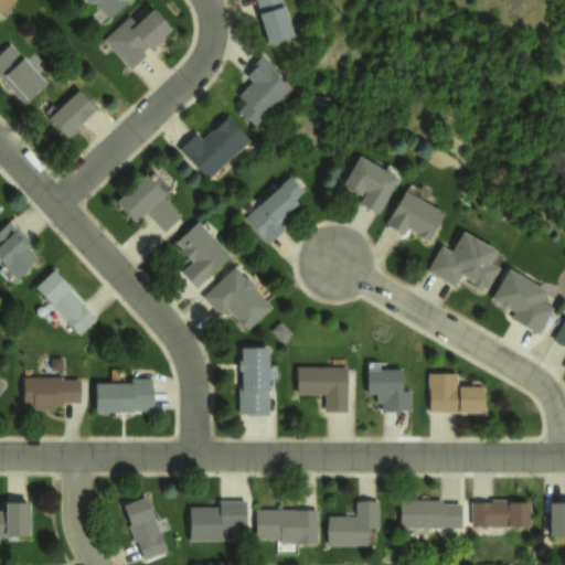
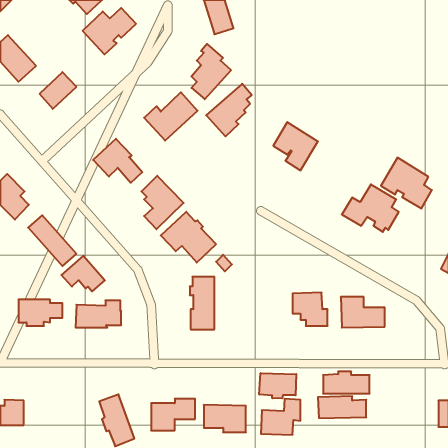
building: [245,178,302,244] -> [206,84,252,136]
building: [386,191,446,242] -> none
building: [488,267,552,331] -> [381,158,432,209]
building: none -> [61,256,105,291]
building: [297,367,348,412] -> none
building: none -> [259,373,296,398]
building: [472,499,531,526] -> [323,372,370,394]

